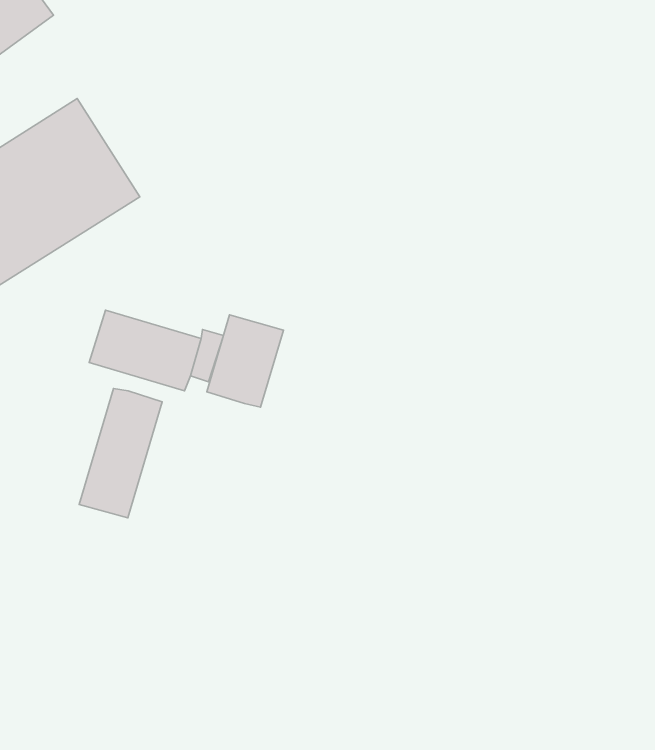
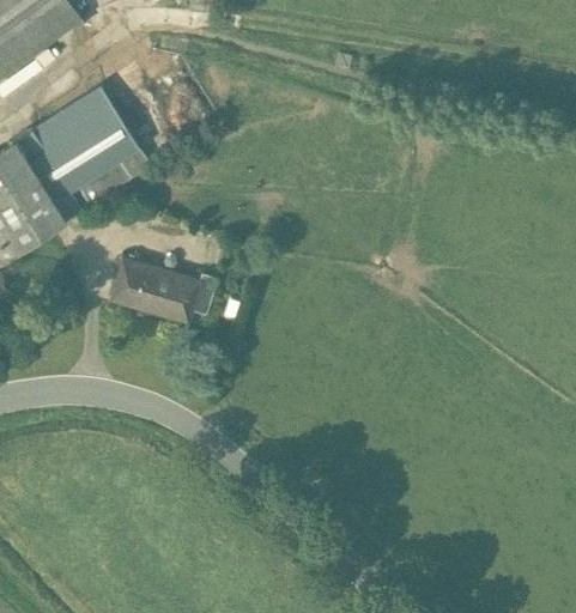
building: [207,315,283,407] -> none
building: [79,388,162,518] -> none

